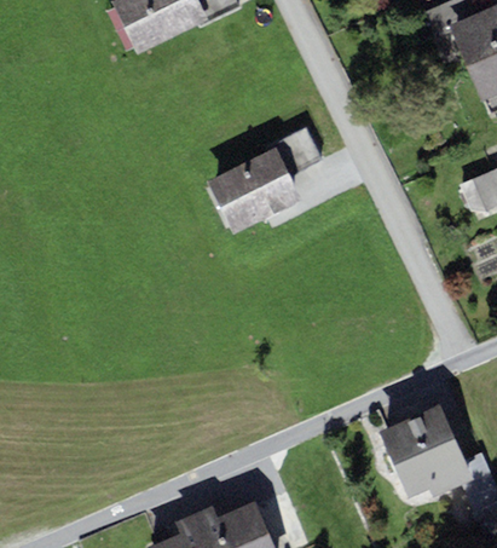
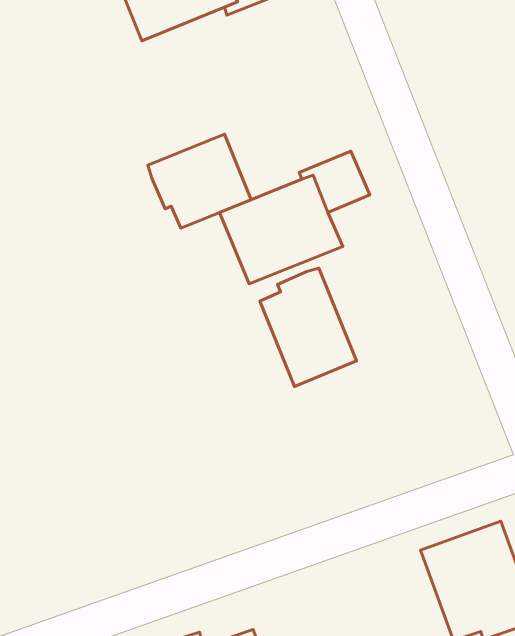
building: none -> [148,134,251,228]
building: none -> [260,268,357,386]

